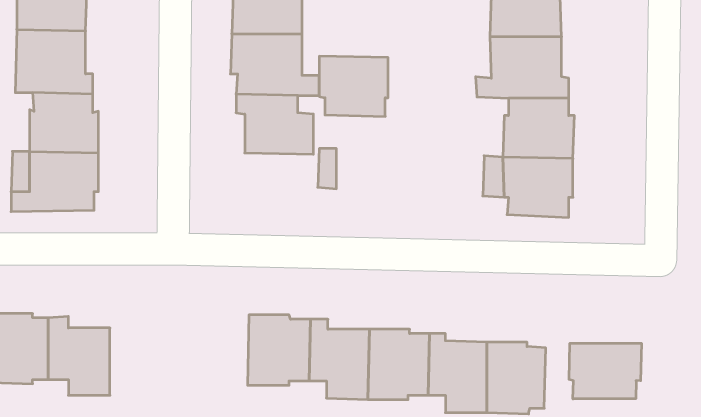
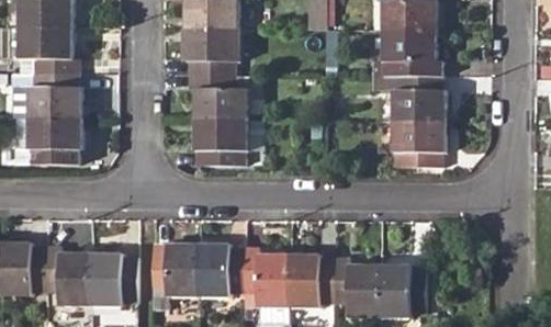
building: [319,56,388,116] -> [193,119,246,165]
building: none -> [150,243,196,307]
building: none -> [90,252,135,306]
building: [569,343,641,399] -> none

